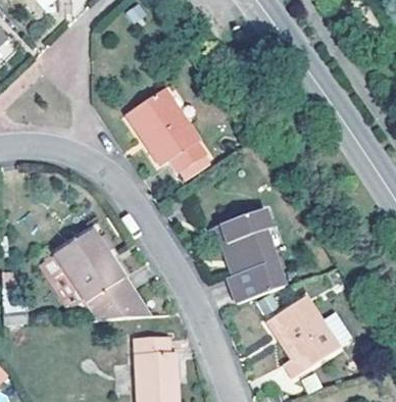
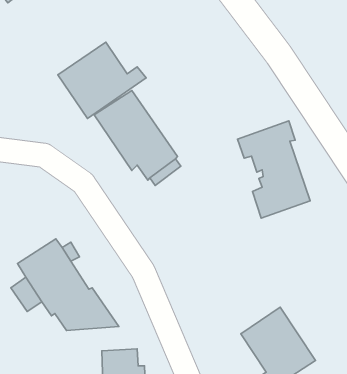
building: none -> [58,42,146,118]
building: [214,209,284,302] -> [238,121,310,218]

